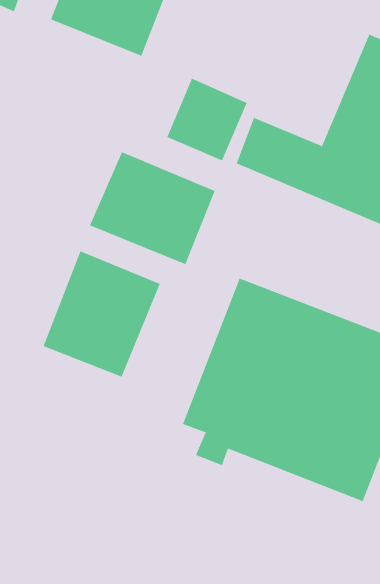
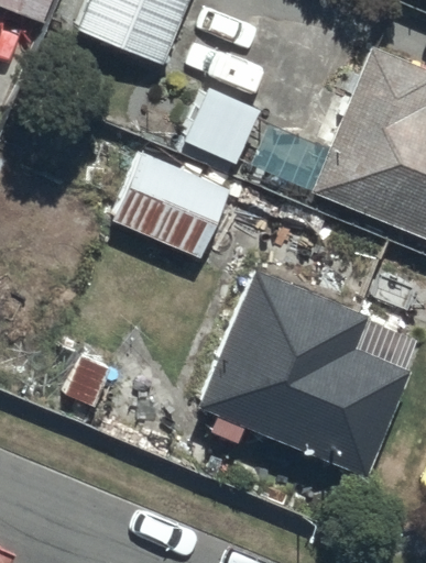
building: [43,251,161,378] -> none

